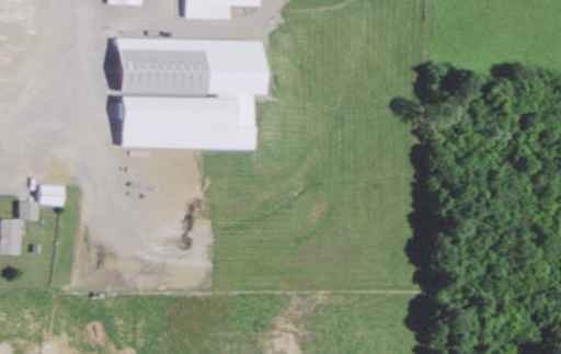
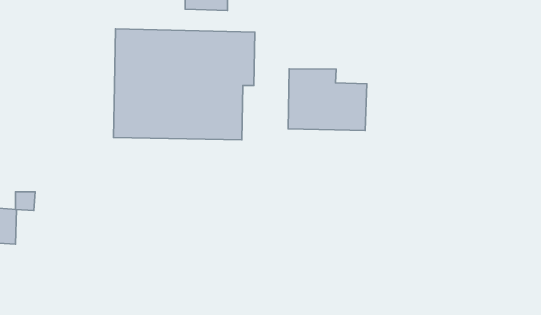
building: none -> [288,69,367,130]
building: [38,185,61,205] -> none

